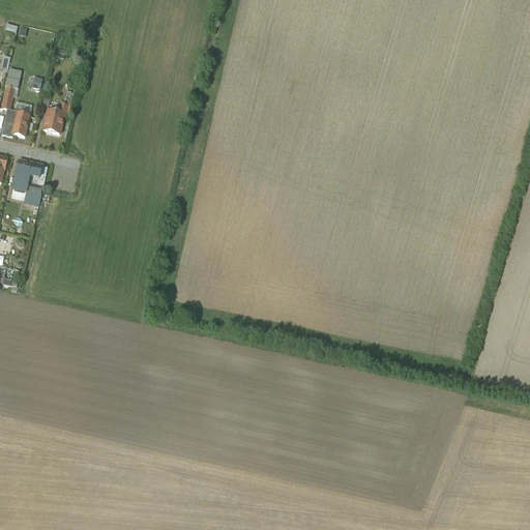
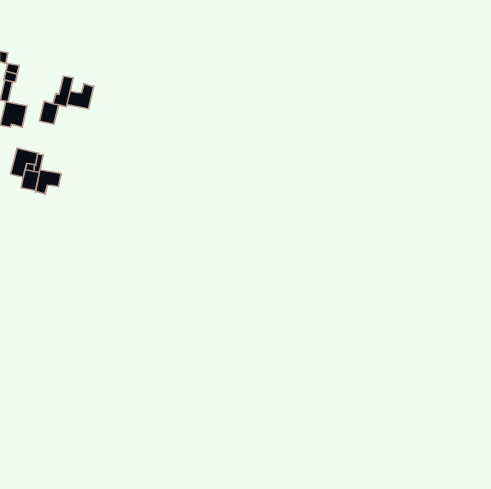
building: none -> [67,84,94,109]
building: none -> [36,170,61,194]

